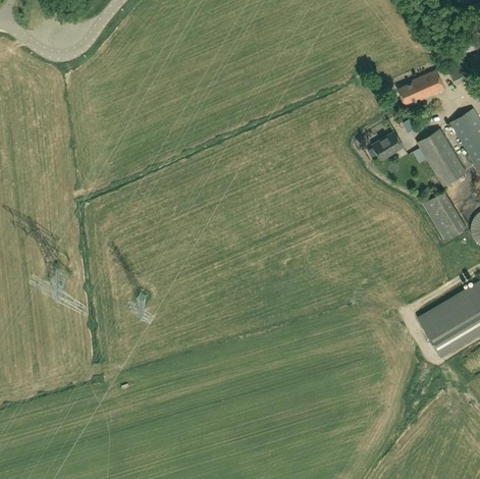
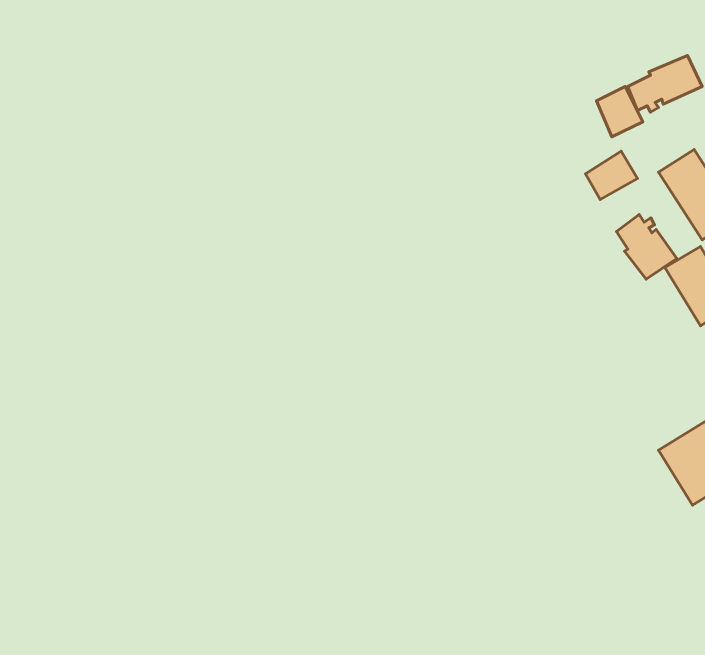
building: none -> [596,86,643,137]
building: none -> [616,215,677,279]

